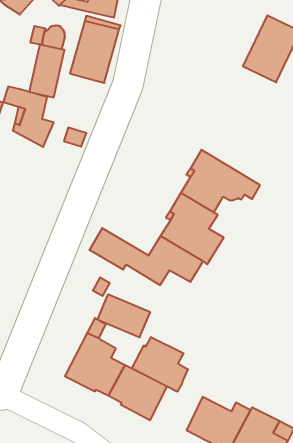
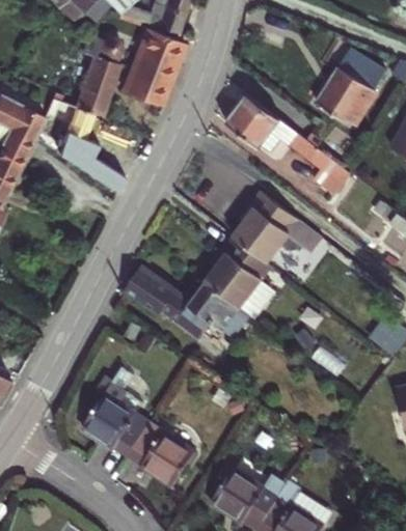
building: none -> [226,95,349,195]
building: [98,294,150,337] -> none
building: [132,337,188,392] -> none

